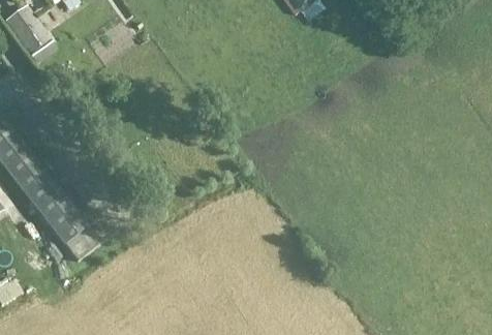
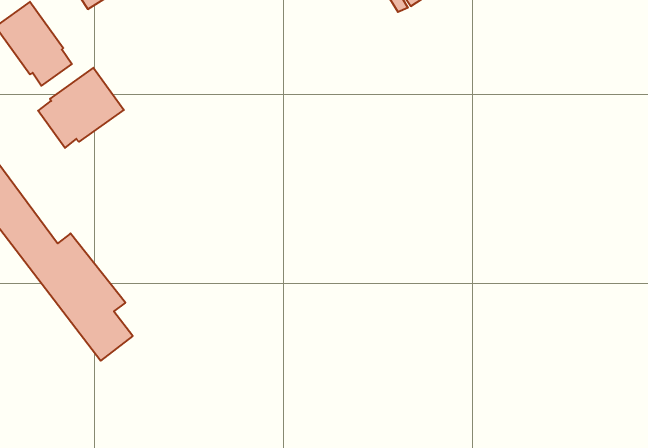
building: none -> [38,68,124,148]

